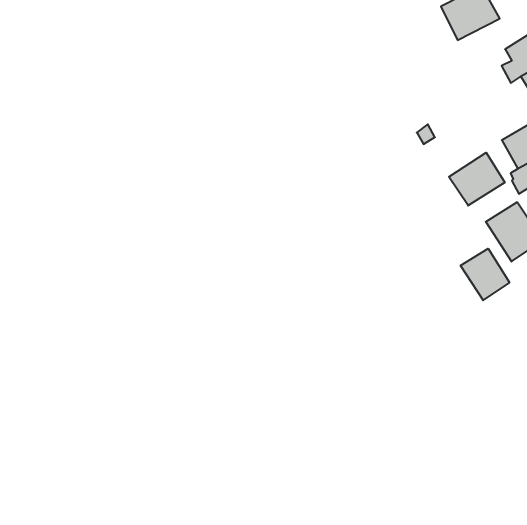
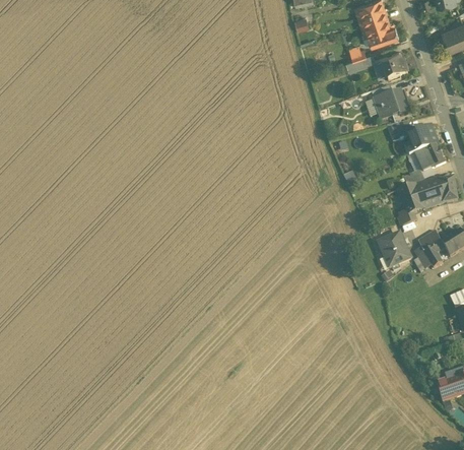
building: [449,153,505,206] -> none
building: [461,249,509,300] -> none

